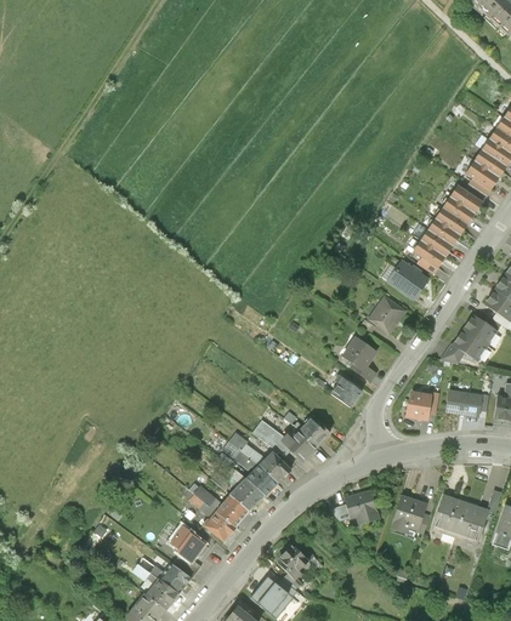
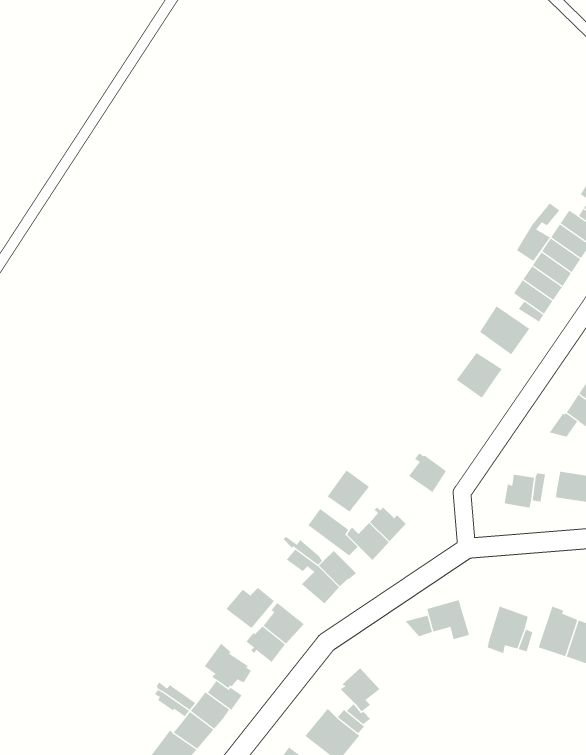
building: none -> [516,203,560,262]
building: [343,336,376,380] -> none
building: none -> [327,469,370,513]
building: [231,475,266,509] -> none

